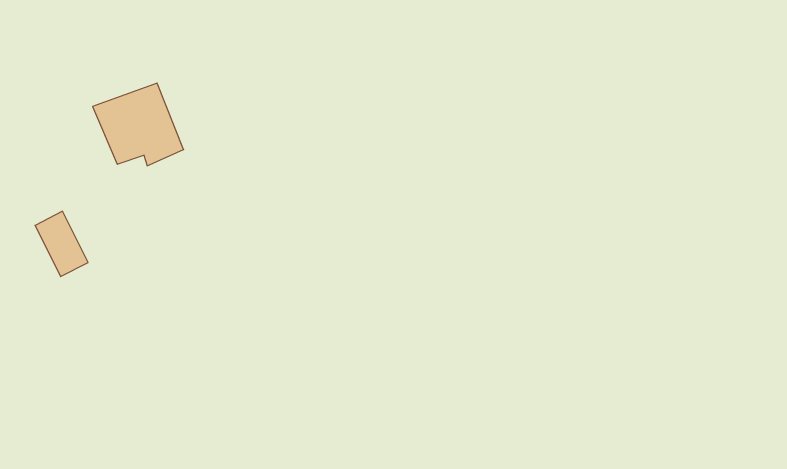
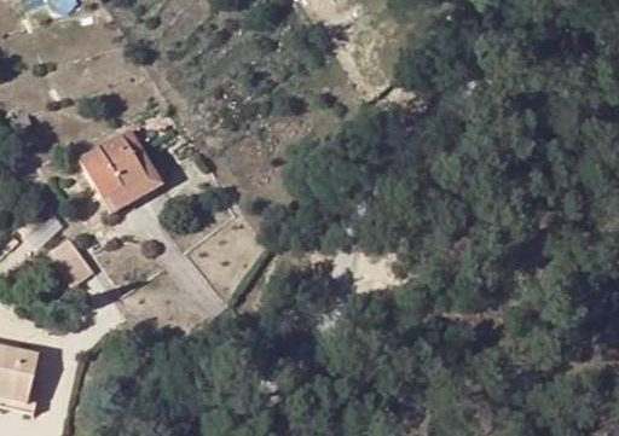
building: none -> [103,130,162,214]

